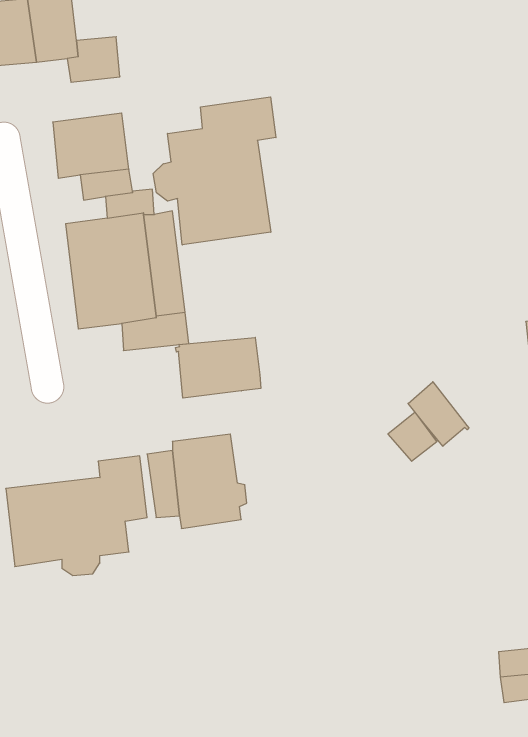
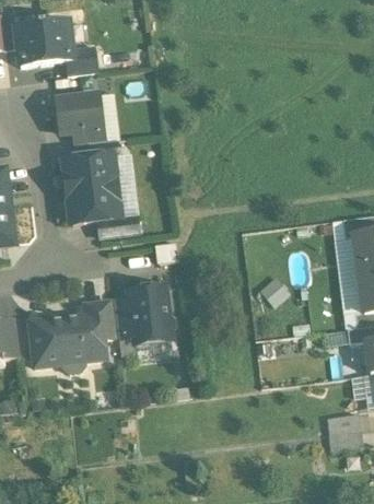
building: [153,97,276,245] -> none
building: [175,337,261,398] -> none
building: [408,382,469,446] -> none

